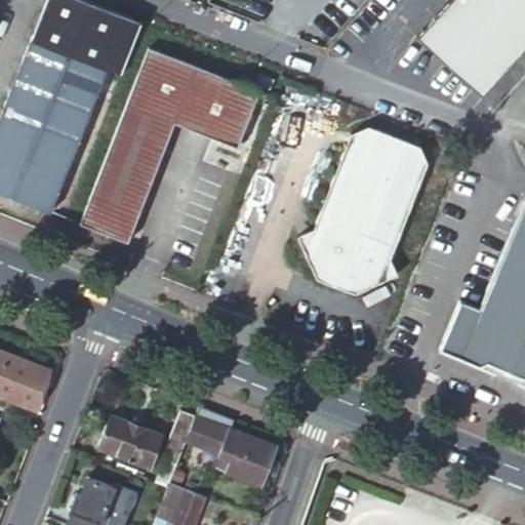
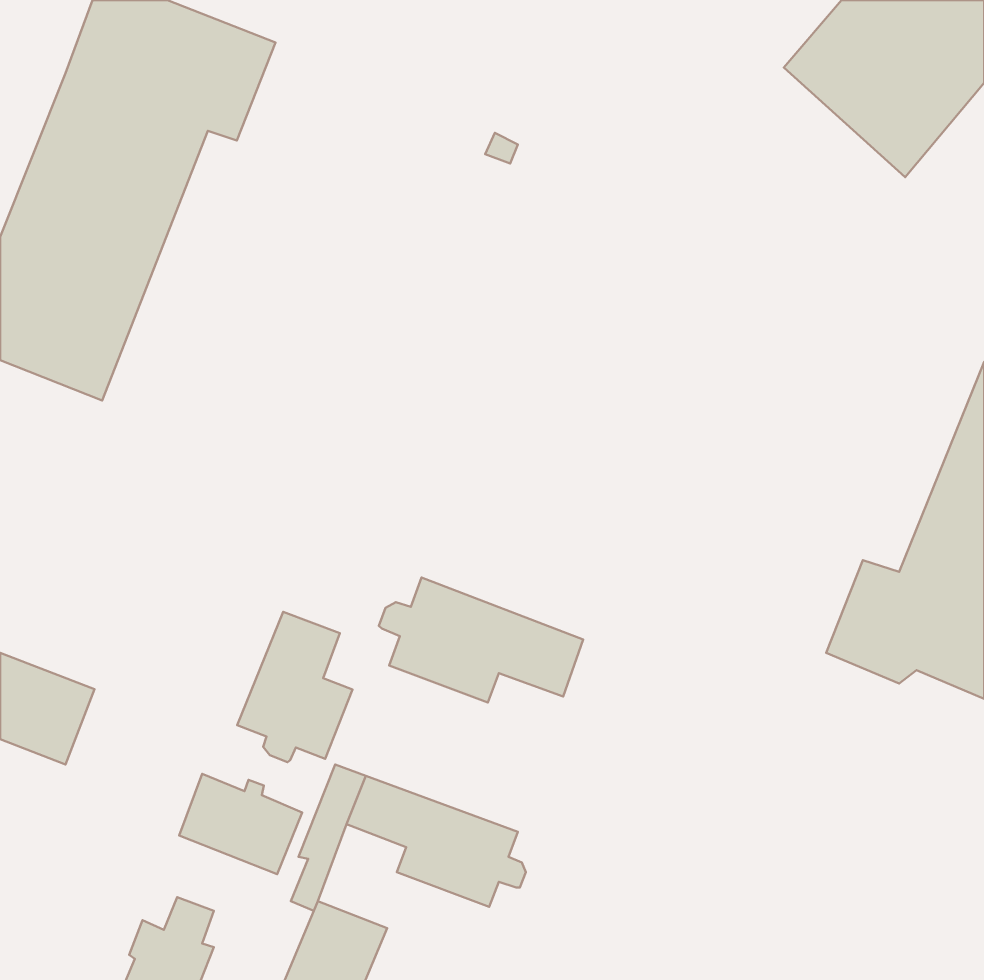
building: [85,50,260,243] -> none
building: [299,128,429,296] -> none
building: none -> [379,577,583,703]
building: none -> [237,612,352,762]

